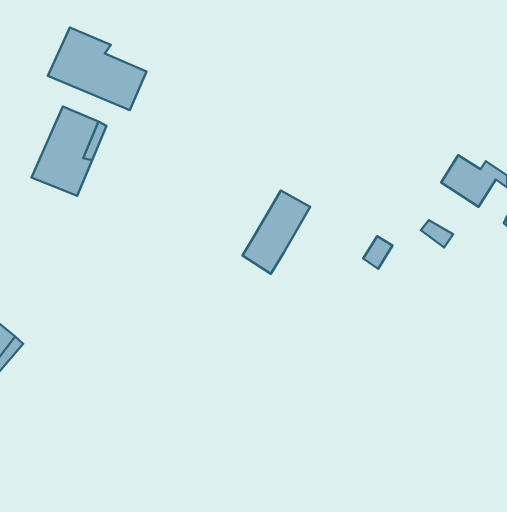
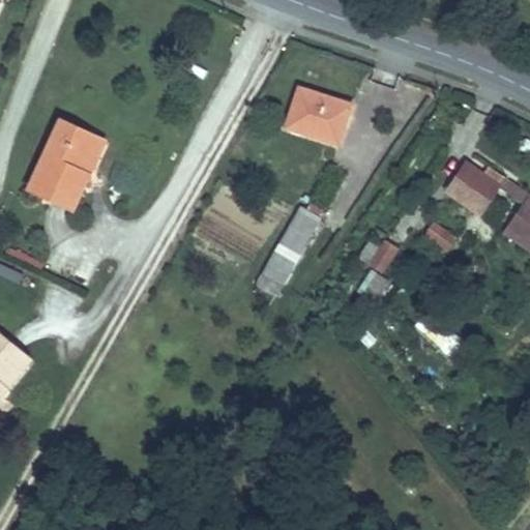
building: [48,28,146,110] -> none
building: none -> [278,85,348,145]

